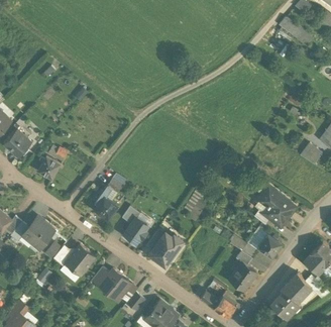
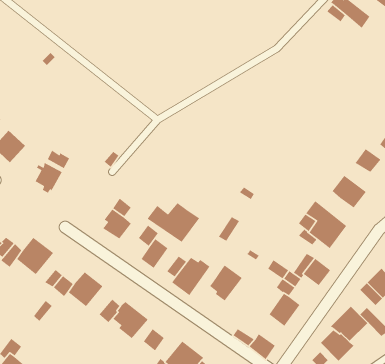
building: none -> [331,175,367,208]
building: none -> [147,201,200,243]
building: none -> [209,264,243,301]

